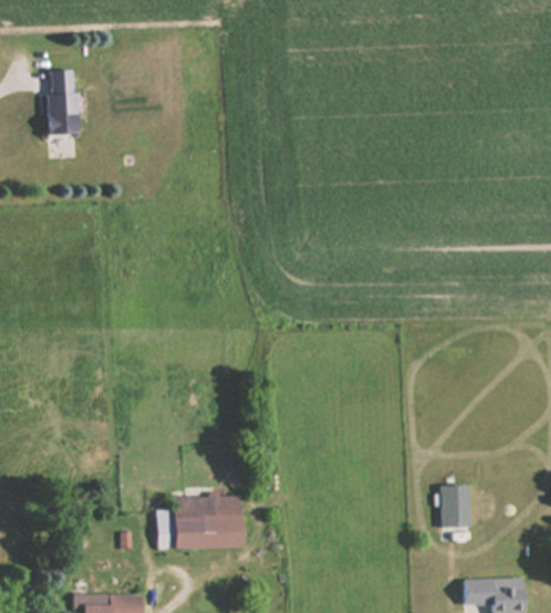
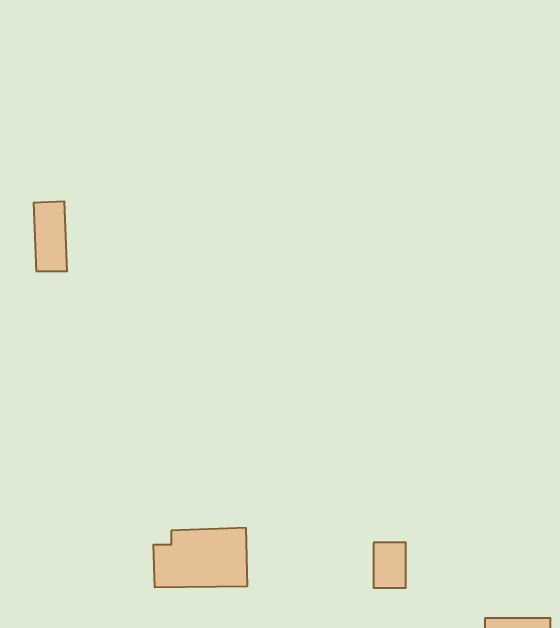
building: [48,72,79,136] -> [34,202,67,271]
building: [438,485,468,527] -> [374,543,406,588]

